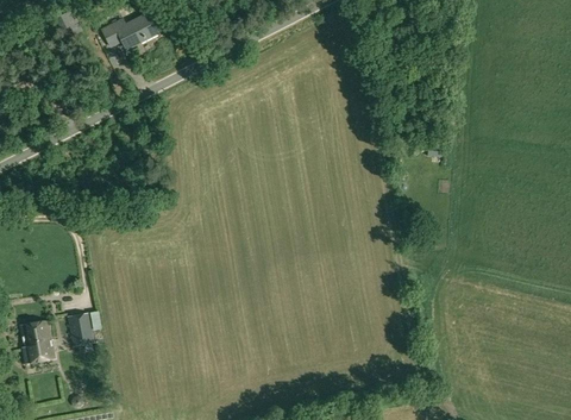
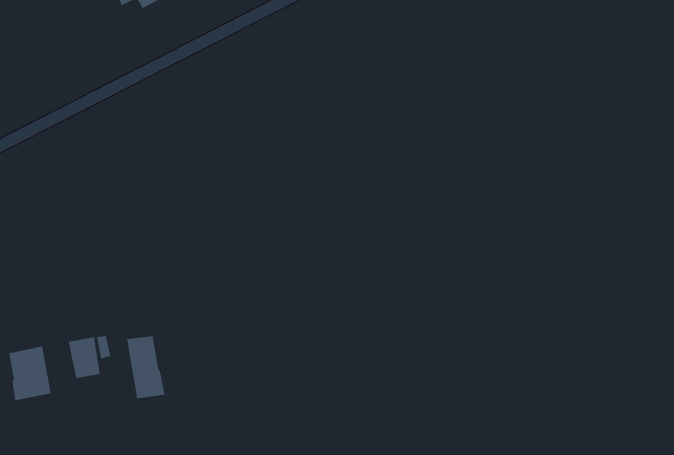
building: none -> [127,335,165,399]

